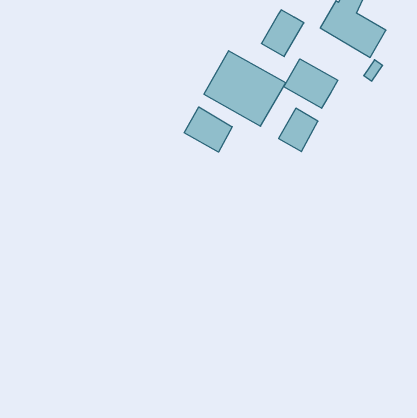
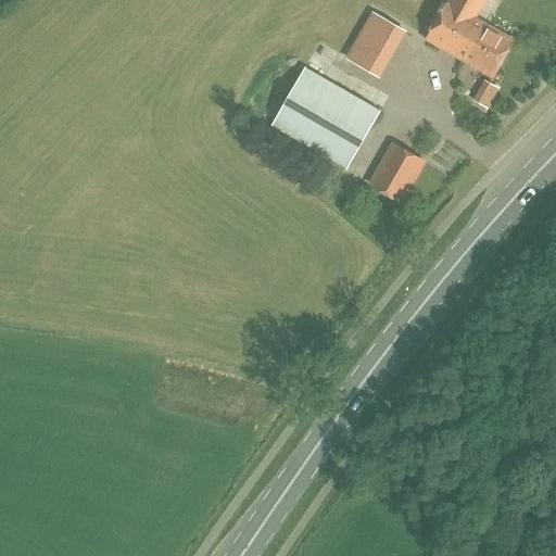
building: [284,59,338,108] -> none
building: [184,107,232,152] -> none

